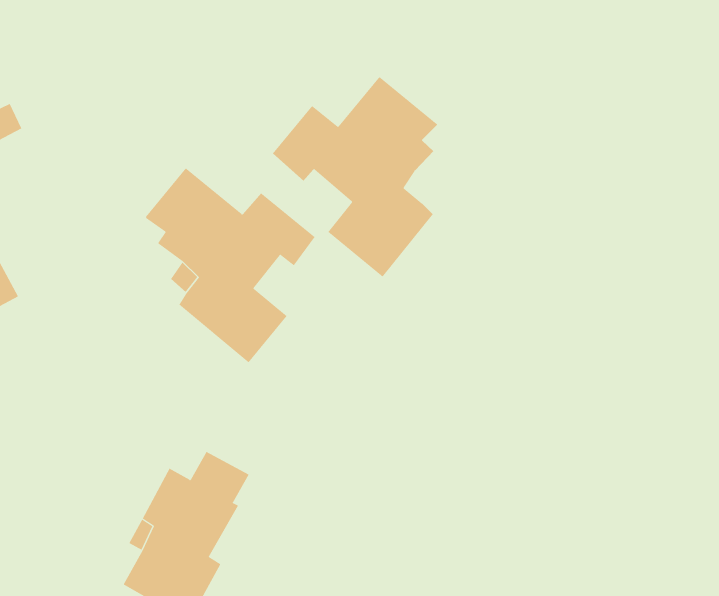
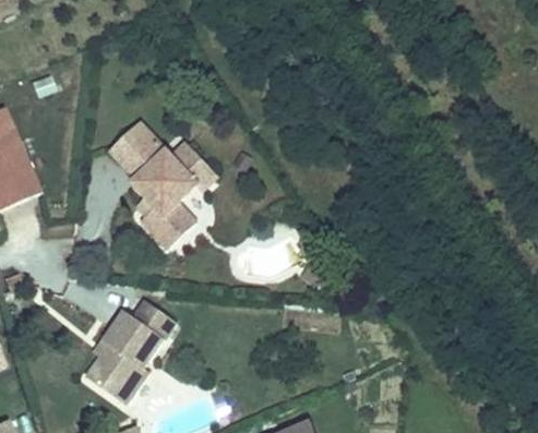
building: [272,76,437,277] -> none

